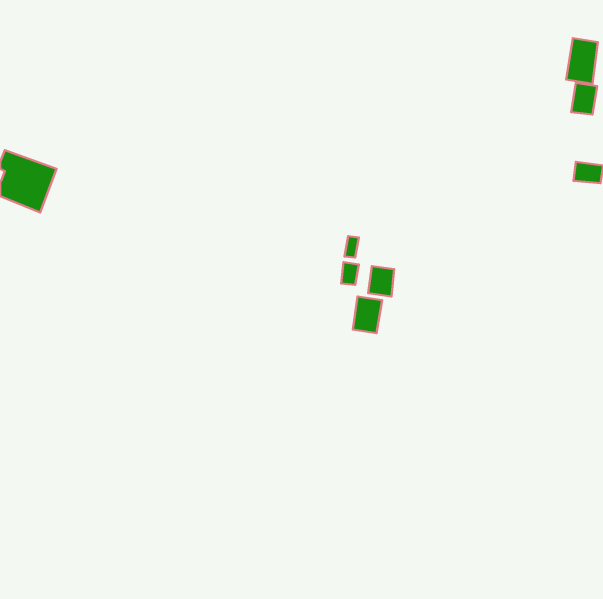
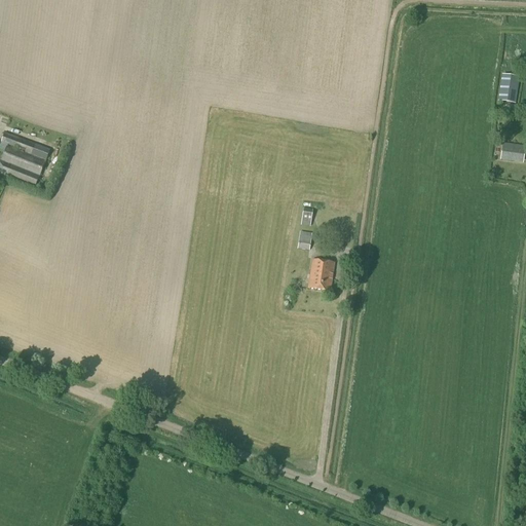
building: [566,38,598,84] -> none
building: [368,266,394,297] -> none

